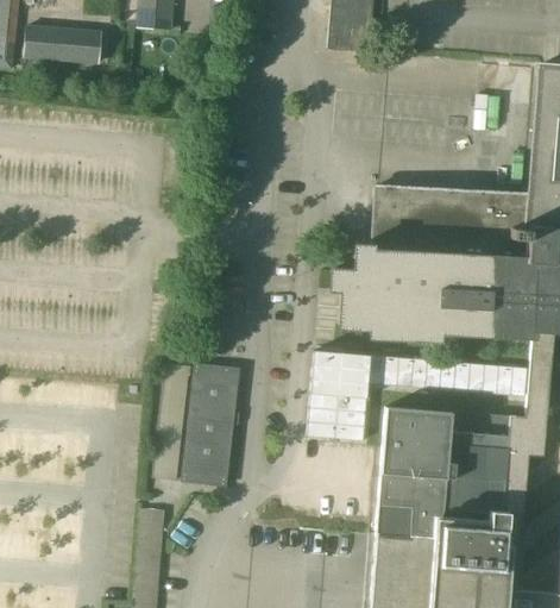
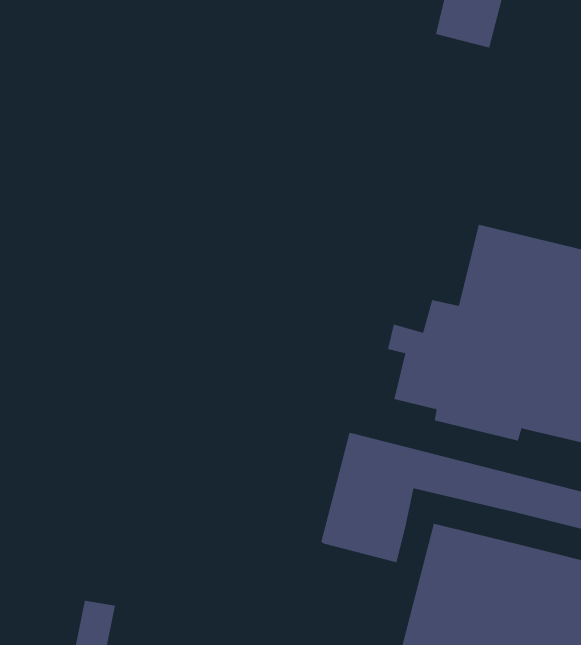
building: [180,365,237,487] -> none

